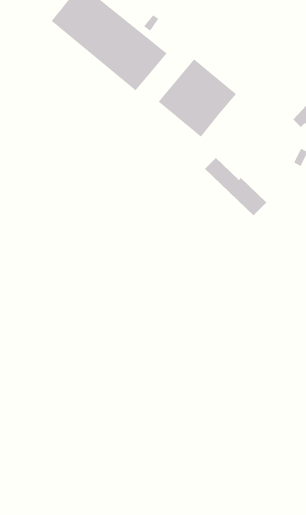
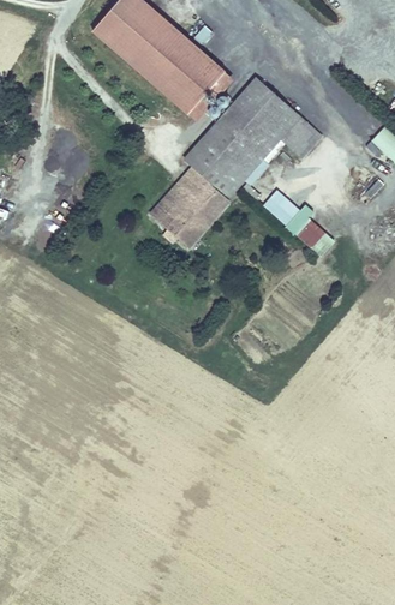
building: none -> [283,116,325,157]
building: none -> [152,125,262,248]

